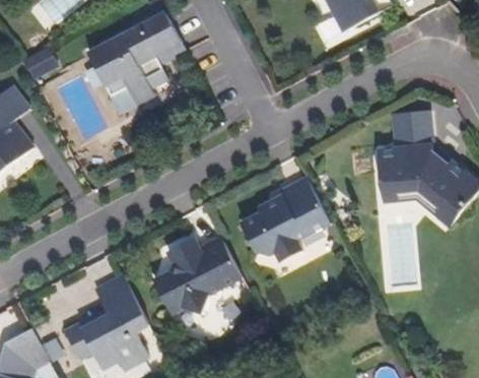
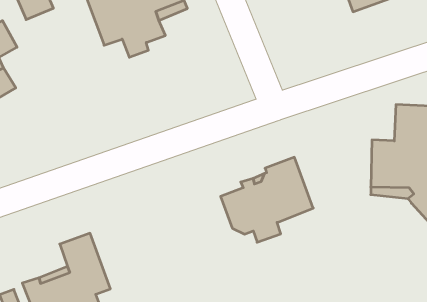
building: [153,237,241,315] -> none

